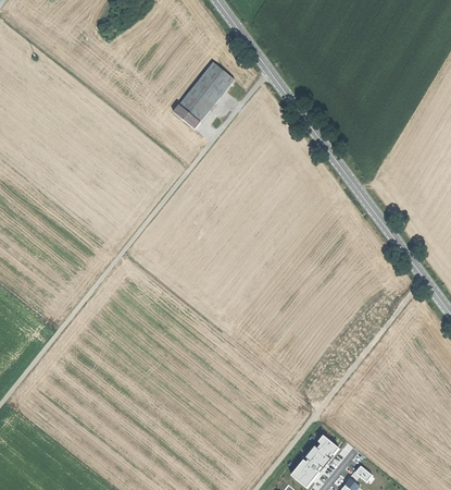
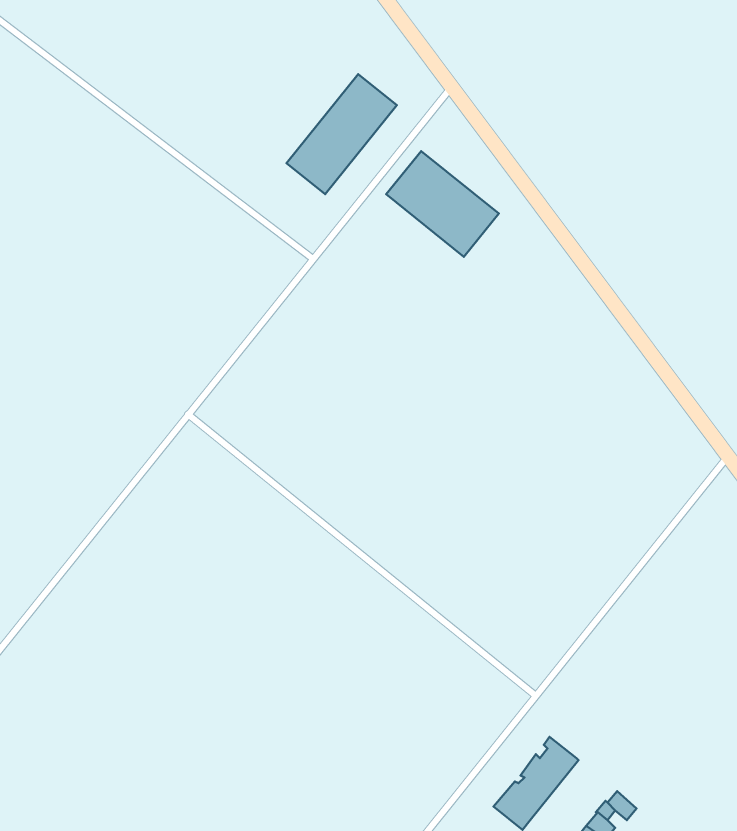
building: none -> [386,151,499,257]

